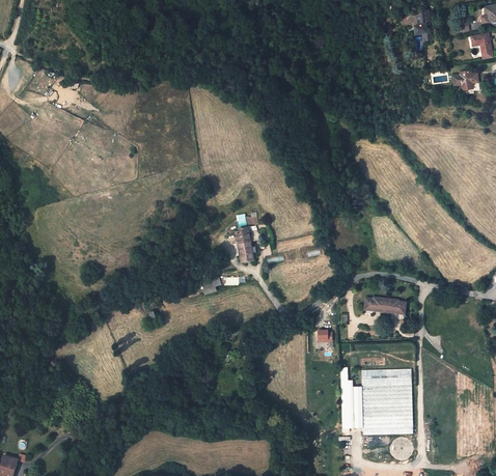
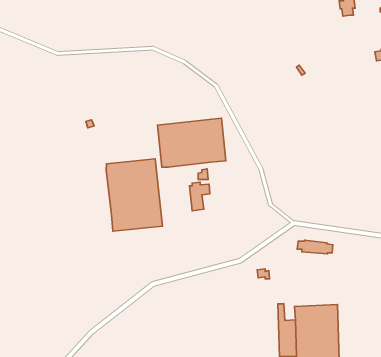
building: none -> [158,118,226,167]
building: none -> [106,159,163,231]

